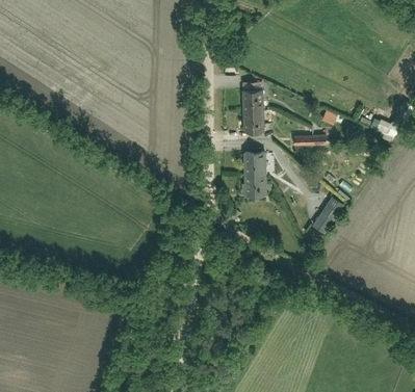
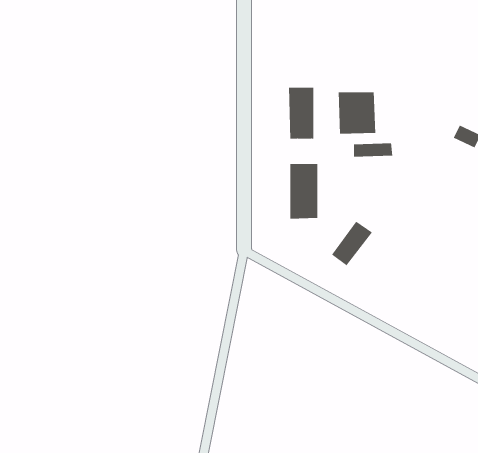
building: none -> [338,91,376,135]
building: [312,198,345,234] -> [331,221,373,266]

